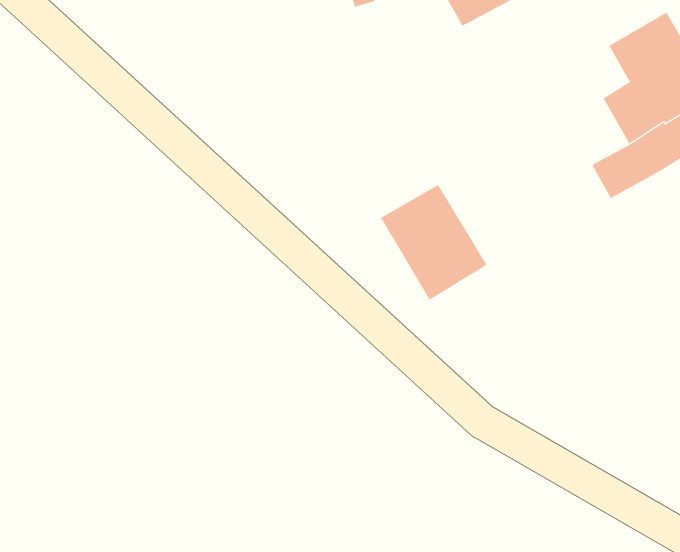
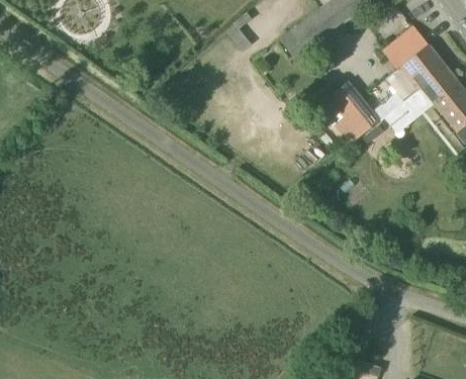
building: [380,184,488,300] -> [316,80,379,145]

